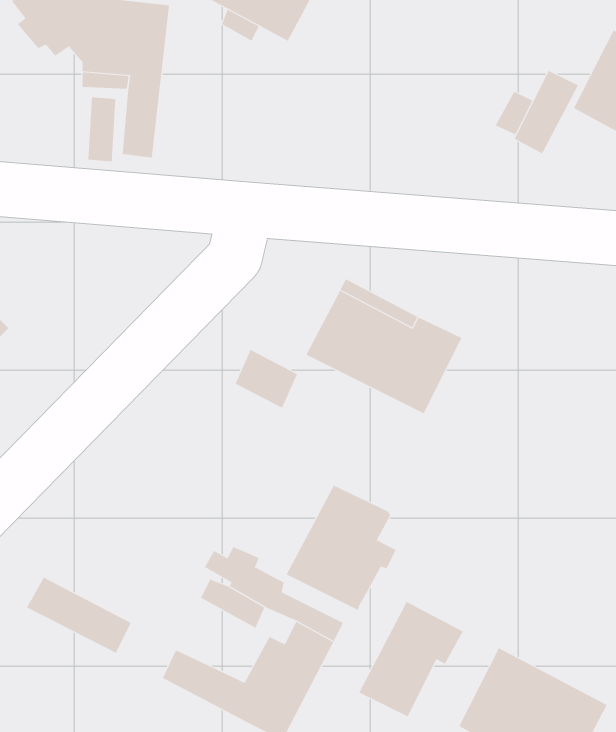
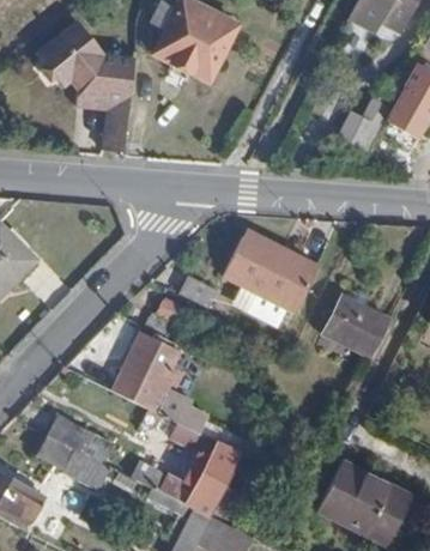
building: none -> [320,297,388,358]
building: [286,485,397,611] -> [110,334,180,413]
building: [358,601,463,717] -> none
building: none -> [35,435,107,490]

